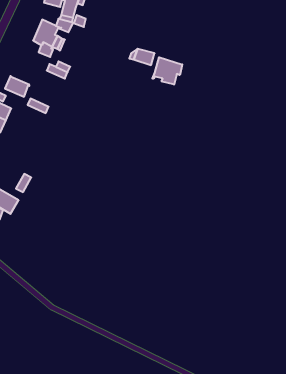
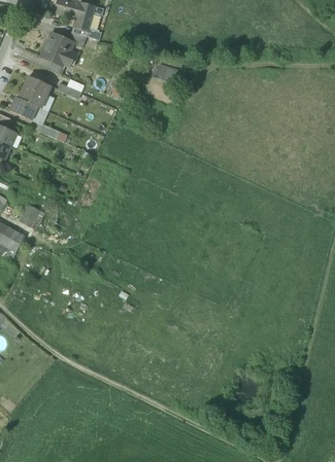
building: [152,57,182,85] -> none
building: none -> [19,75,51,106]

